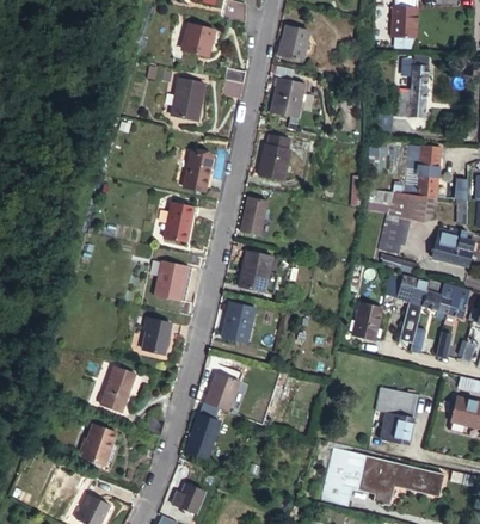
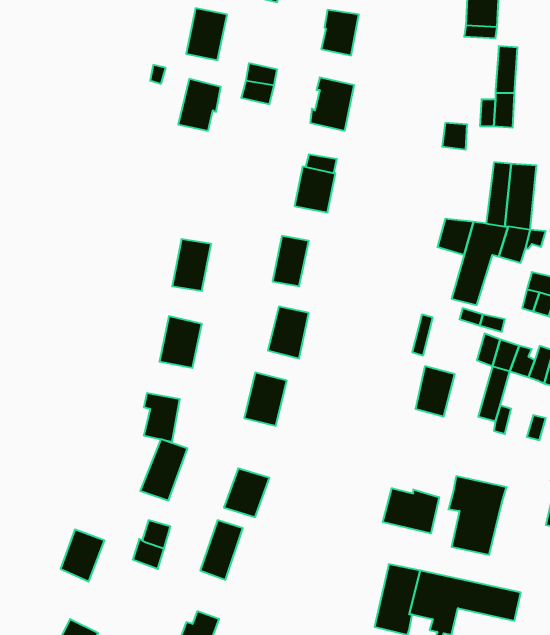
building: [187,150,214,187] -> none
building: [99,366,135,413] -> [140,439,187,500]
building: none -> [383,488,439,534]

